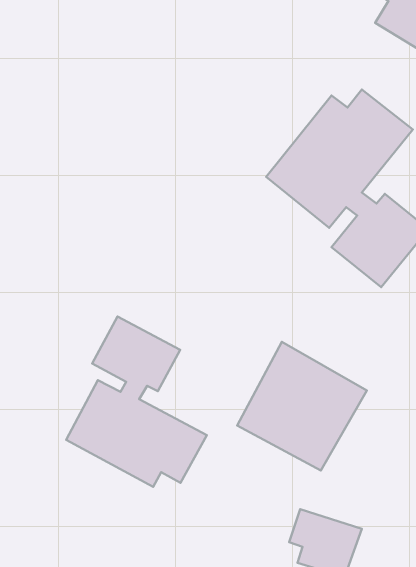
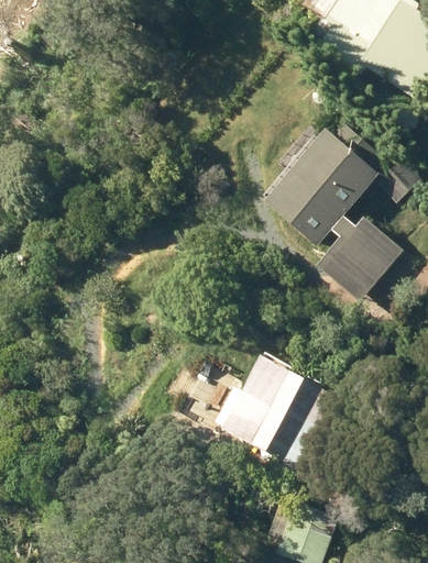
building: [66,317,207,487] -> none

